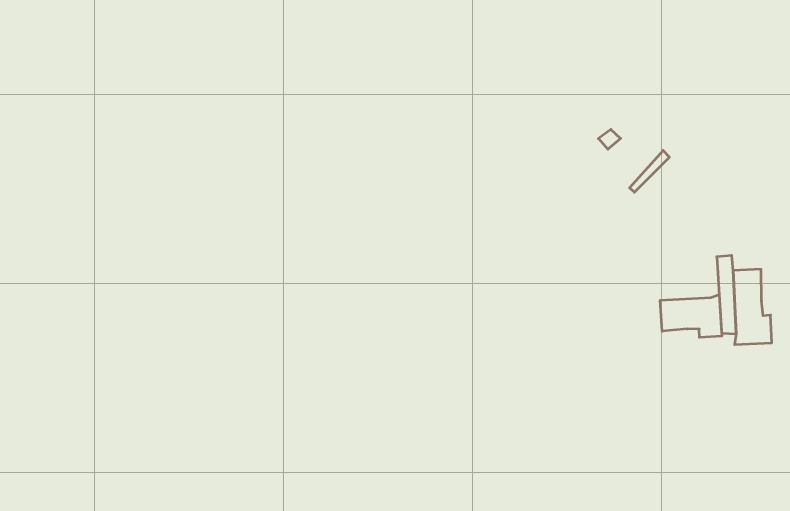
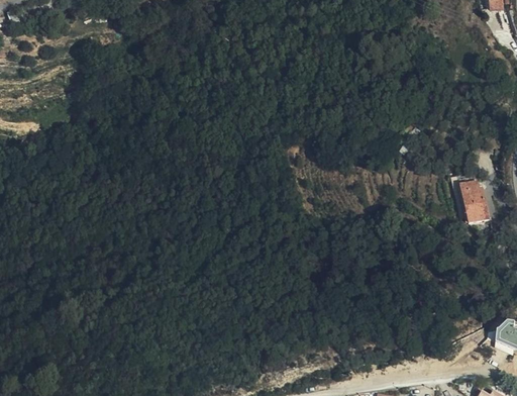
building: [660,295,722,337] -> none

